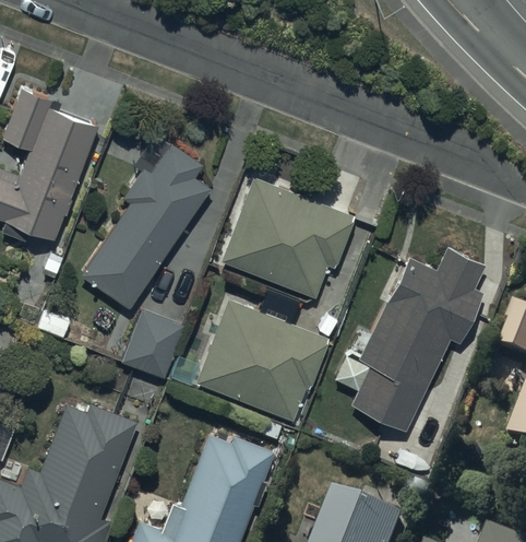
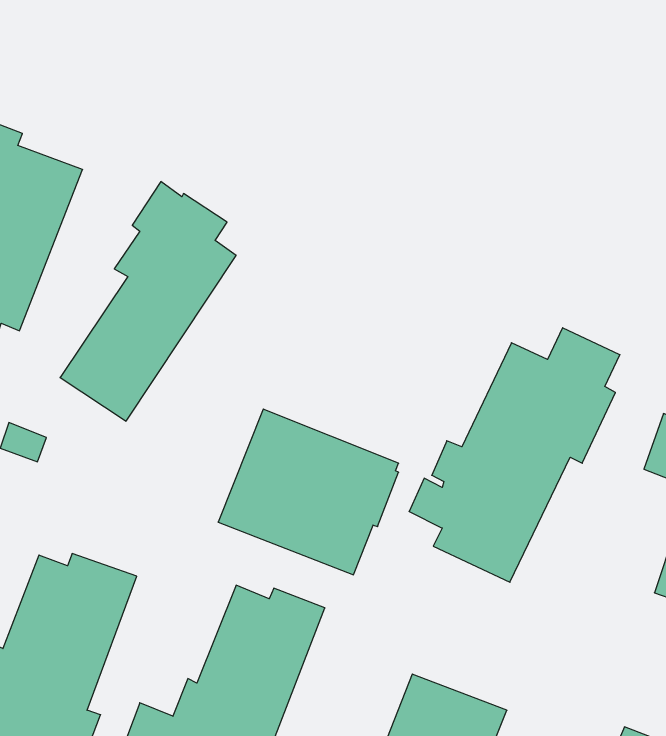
building: [223,180,354,299] -> none
building: [122,310,184,379] -> none

